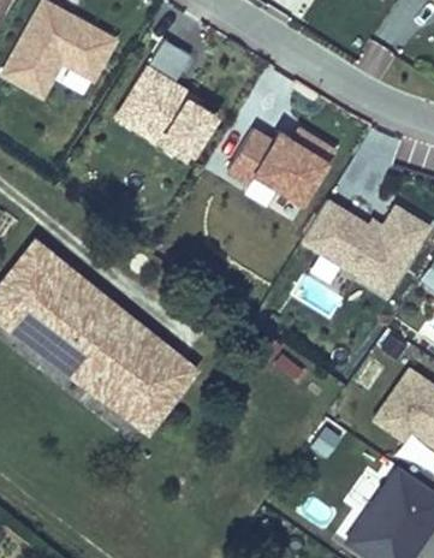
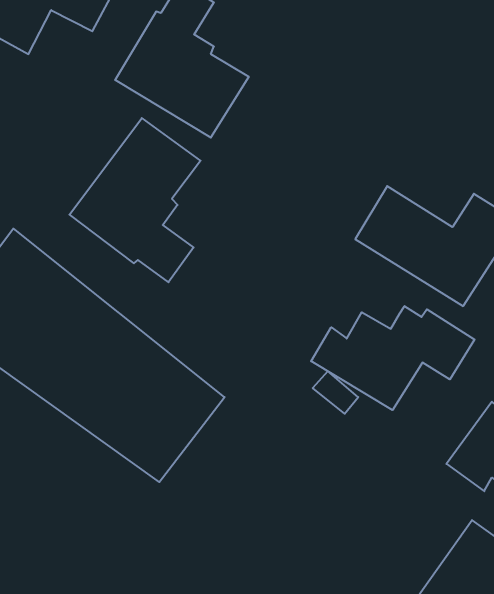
building: [225,125,329,202] -> none
building: none -> [69,118,201,282]
building: none -> [311,306,475,410]

